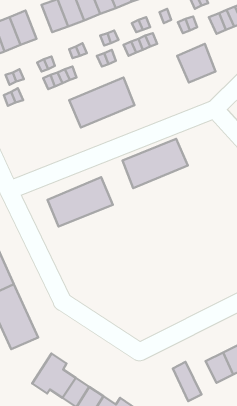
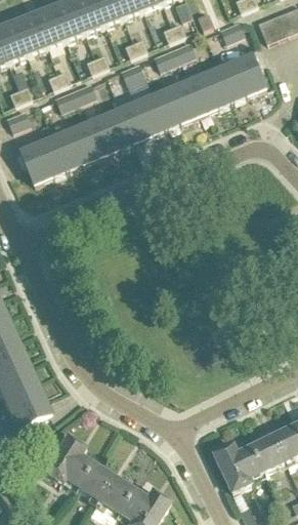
building: none -> [34,6,67,48]
building: [122,139,188,188] -> [154,69,233,129]
building: [47,177,113,226] -> [22,123,101,184]
building: none -> [229,442,267,484]

